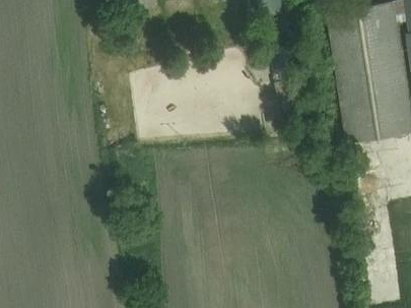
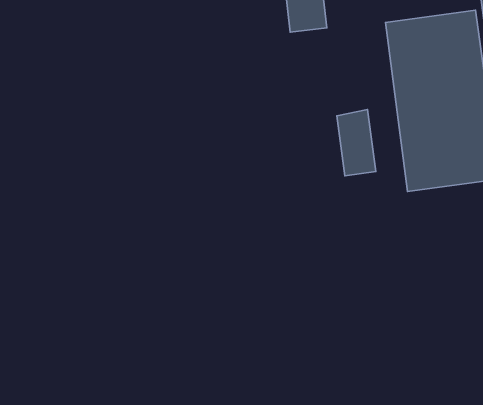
building: none -> [337,110,376,176]

